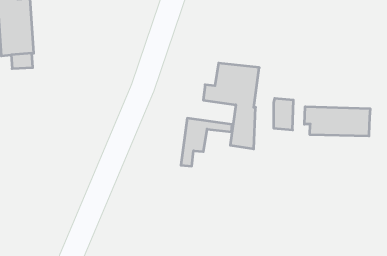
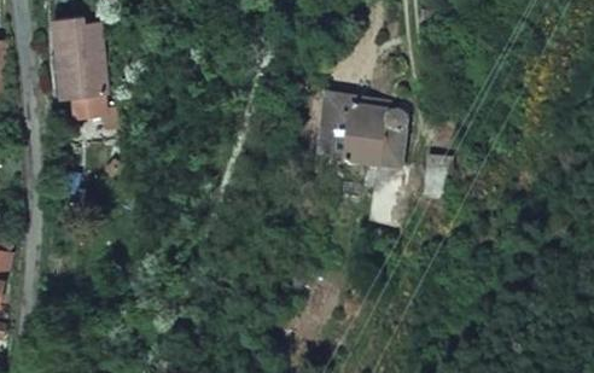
building: [304,107,370,136] -> none
building: [181,118,232,166] -> [316,95,385,159]

